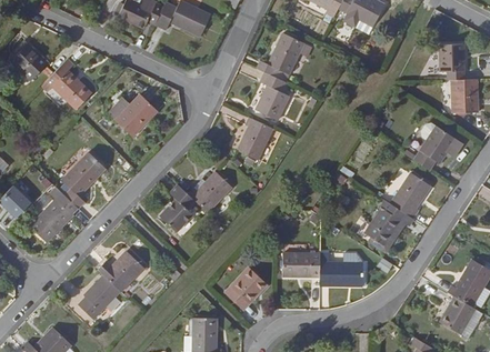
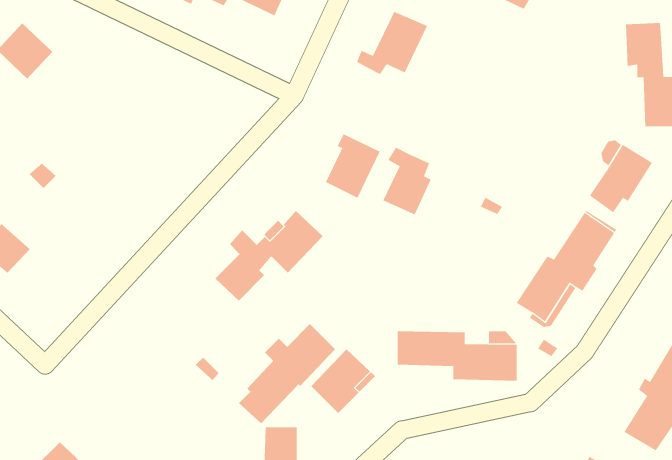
building: [36,58,92,115] -> none
building: [254,73,288,120] -> [383,147,431,215]
building: [114,94,158,138] -> none
building: [30,153,106,244] -> none
building: [79,251,146,320] -> [238,323,336,424]

